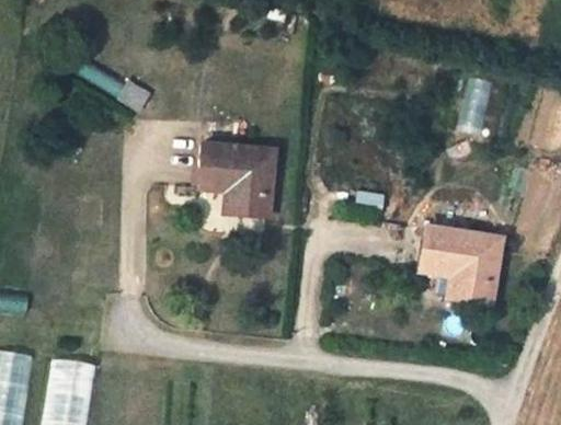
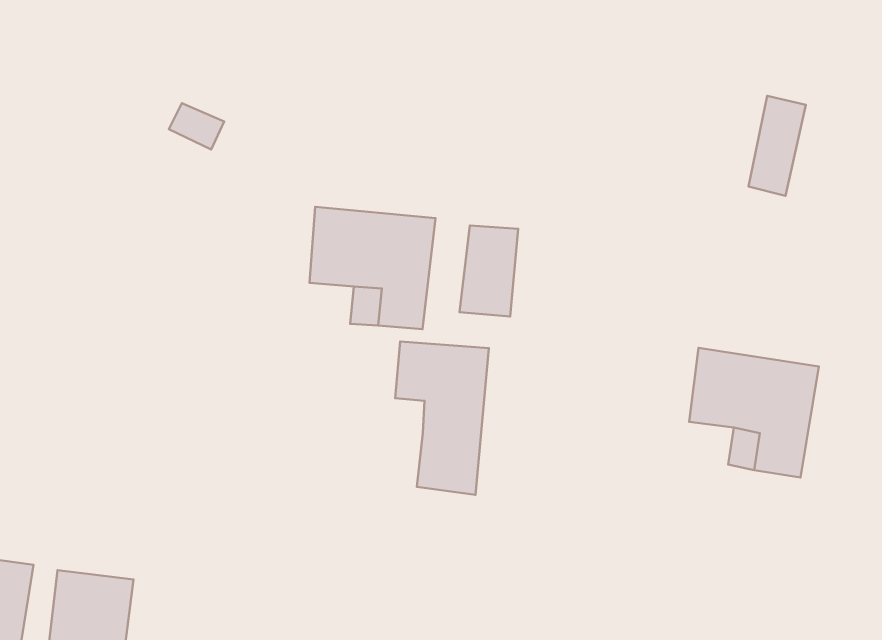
building: none -> [460,225,518,316]
building: none -> [395,342,489,495]

